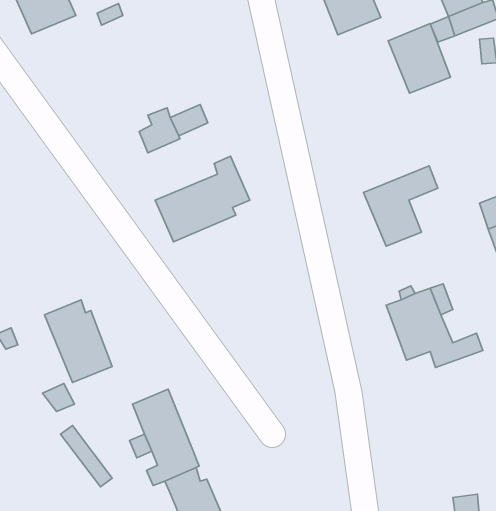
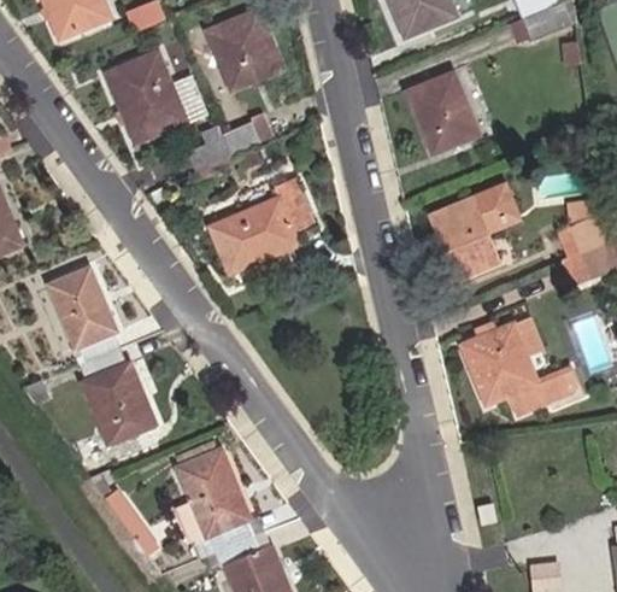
building: none -> [201,8,276,88]
building: [388,24,450,93] -> [410,76,480,154]
building: none -> [101,51,199,139]
building: none -> [48,262,117,354]

